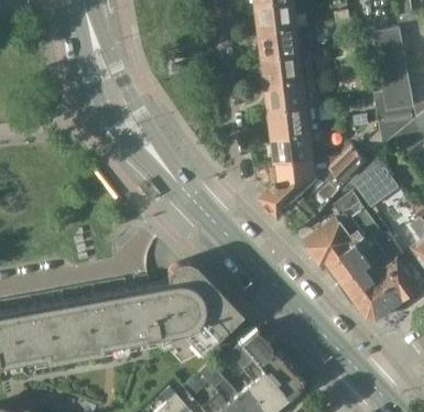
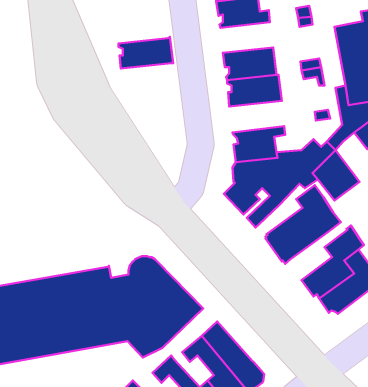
building: [259,24,314,56] -> [119,37,173,69]
building: [268,105,324,137] -> none
building: [329,227,387,285] -> none

